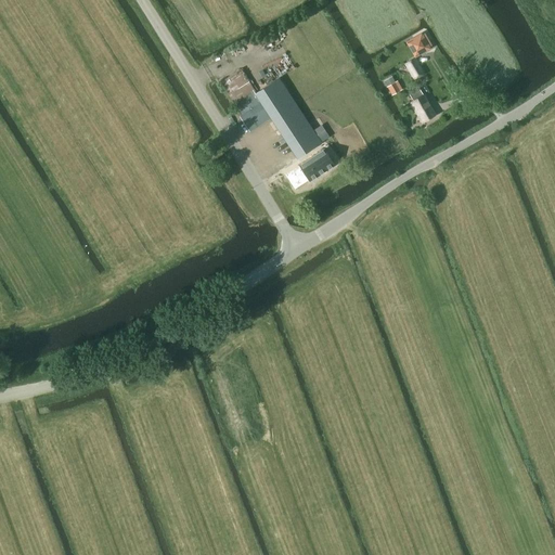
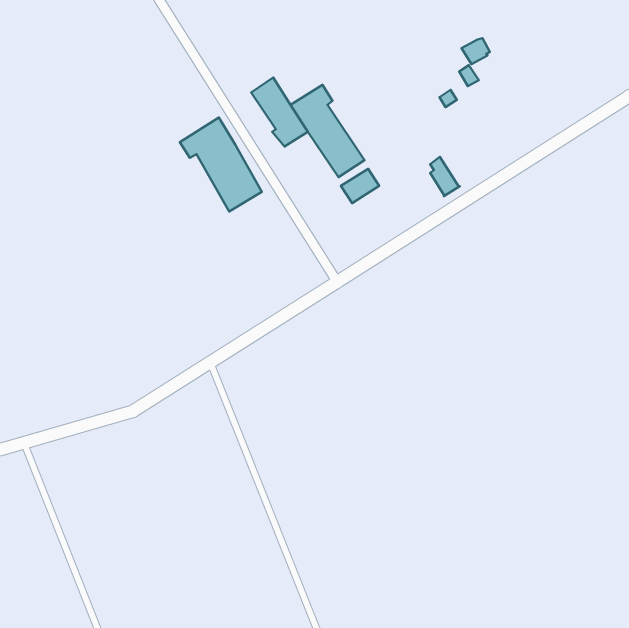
building: [411,87,437,121] -> [430,157,460,196]
building: none -> [180,117,262,211]

